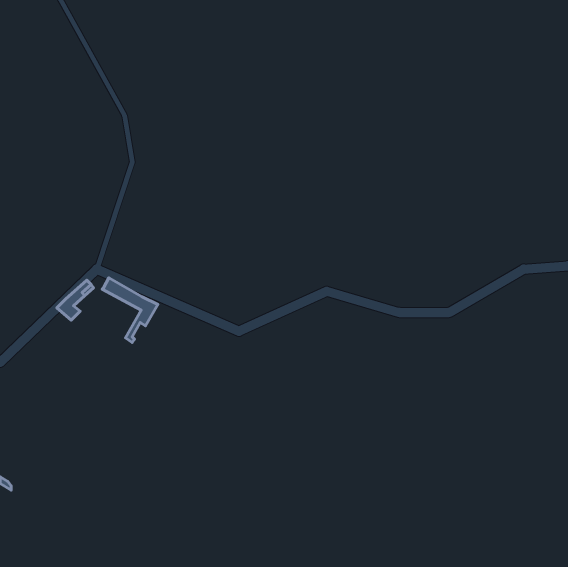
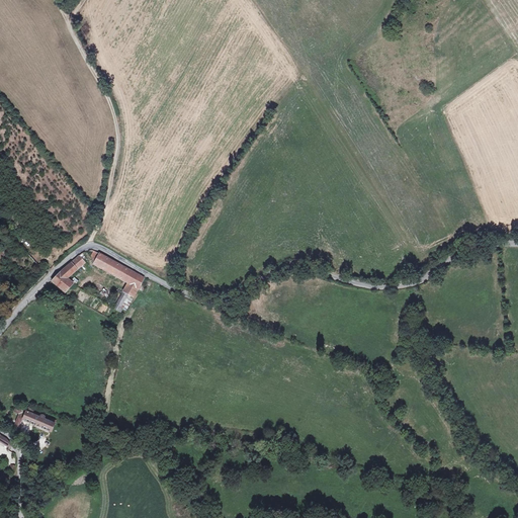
building: none -> [14,407,57,431]

